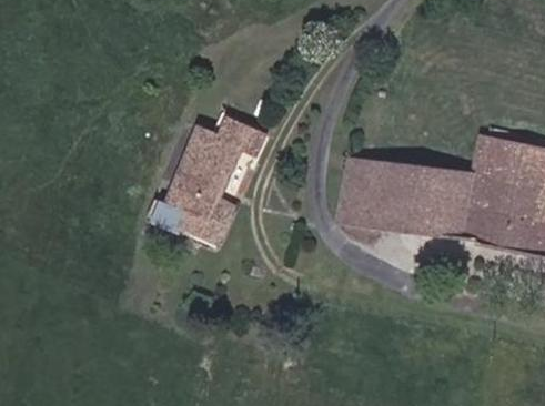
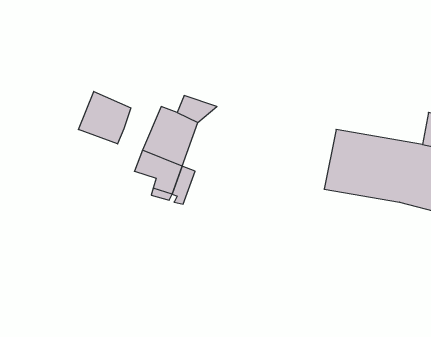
building: none -> [78,91,131,144]
building: [347,152,393,224] -> none

